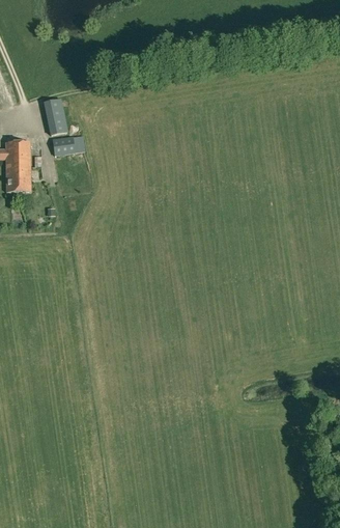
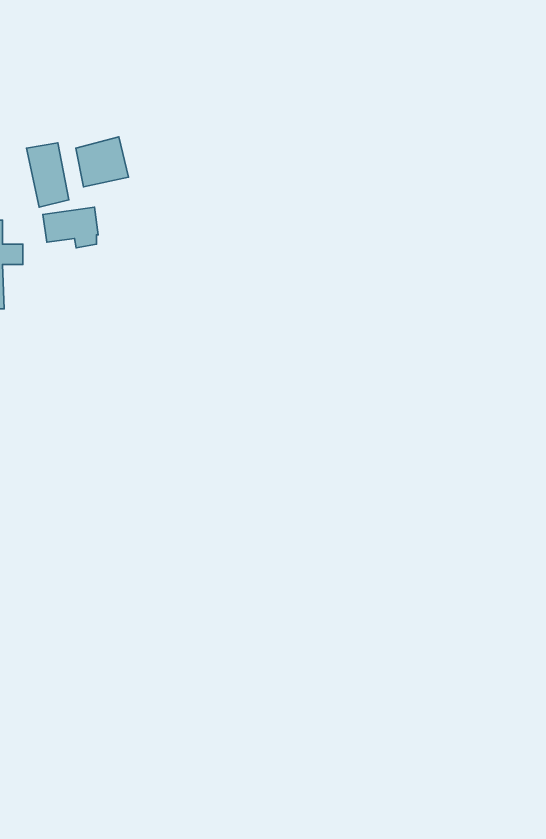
building: none -> [76,137,129,187]

